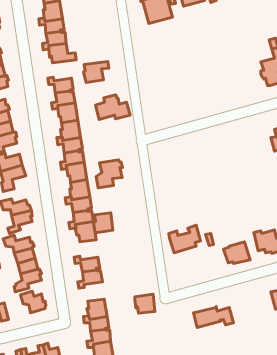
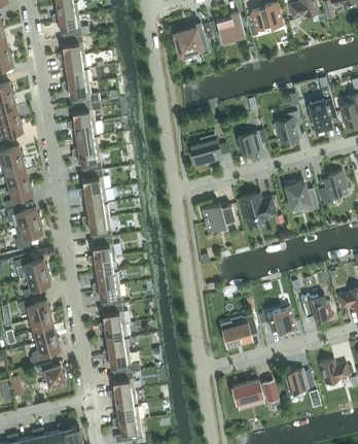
building: [83,62,109,83] -> [72,102,101,126]
building: none -> [276,111,300,144]
building: none -> [238,131,266,155]
building: [96,95,130,120] -> [191,136,230,164]
building: none -> [286,181,318,211]
building: none -> [241,194,276,225]
building: none -> [203,204,235,231]
building: [96,160,122,188] -> none
building: [94,213,113,233] -> [103,305,124,328]
building: [169,225,201,253] -> [221,315,257,346]
building: [135,294,155,313] -> [109,352,132,374]
building: none -> [282,369,314,395]

